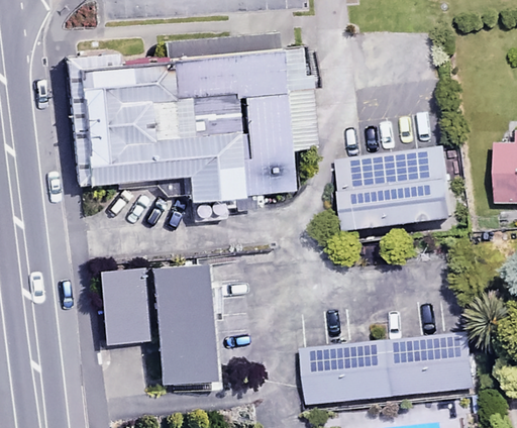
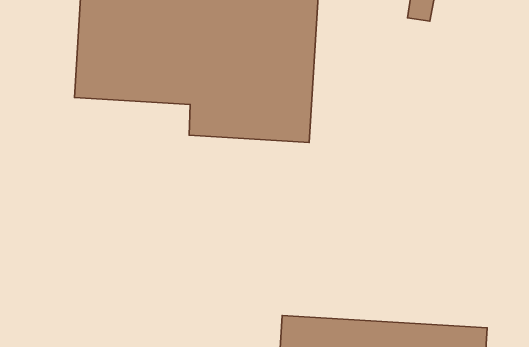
building: [339,153,451,228] -> none
building: [110,261,215,387] -> none

